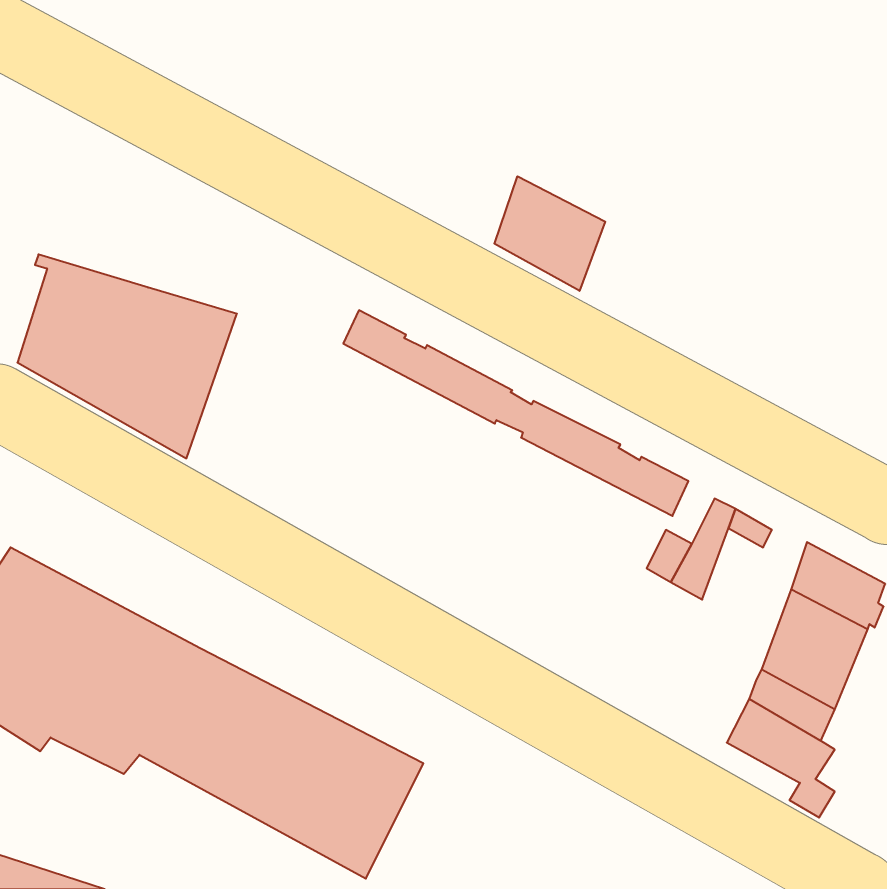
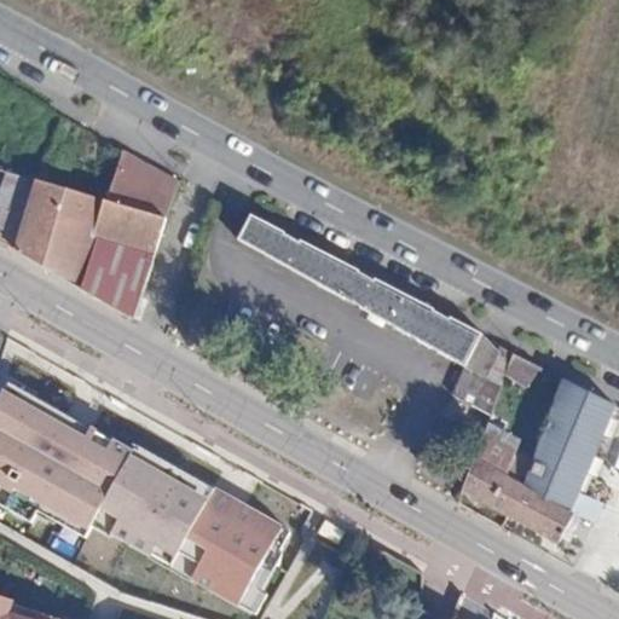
building: [494,176,605,291] -> none
building: none -> [103,151,177,218]
building: none -> [459,428,525,515]

